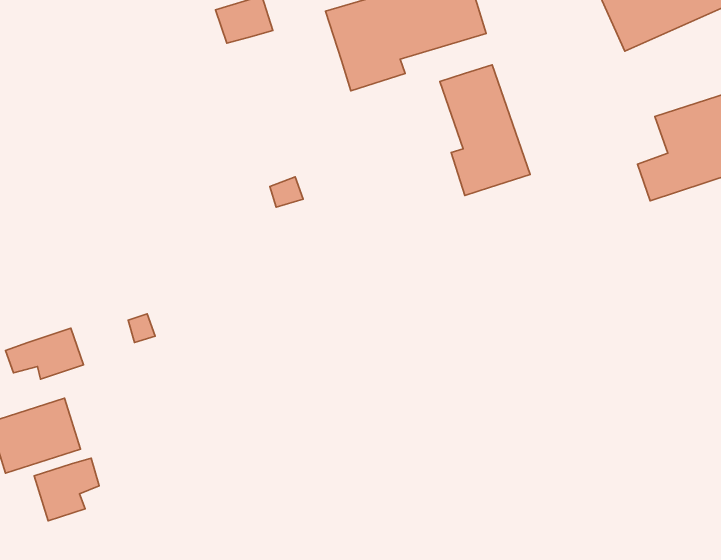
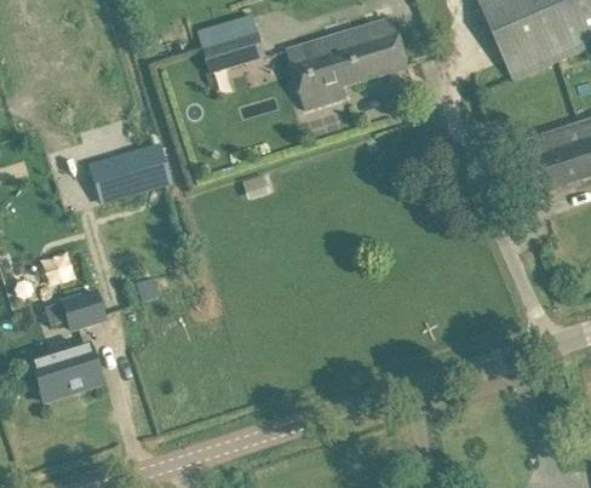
building: [440,65,530,195] -> none
building: none -> [90,144,172,203]
building: [34,458,99,521] -> none

